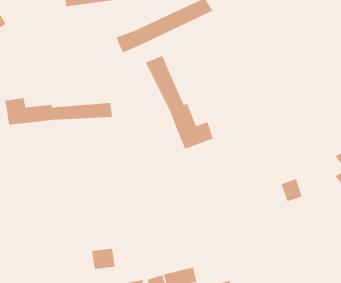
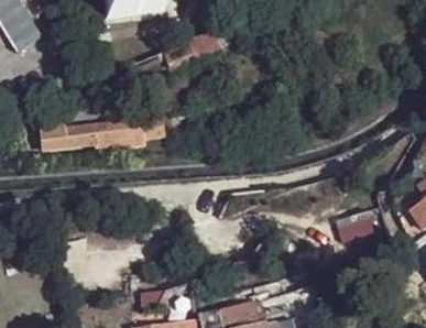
building: [145,55,214,150] -> none

